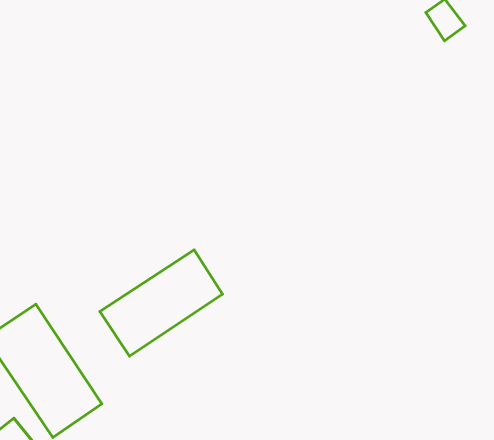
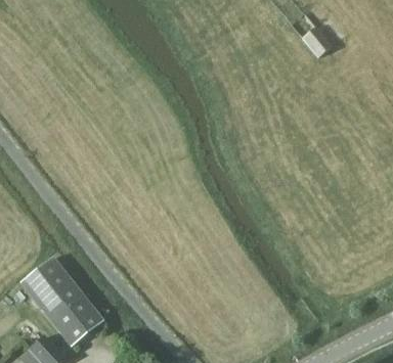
building: [100,250,222,356] -> none

